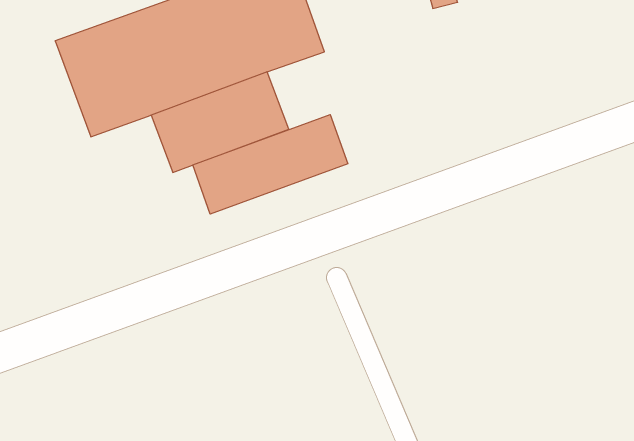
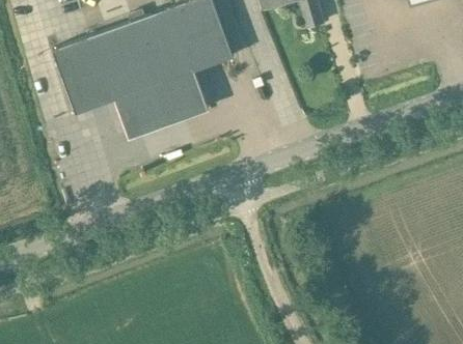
building: [193,115,348,214] -> none

